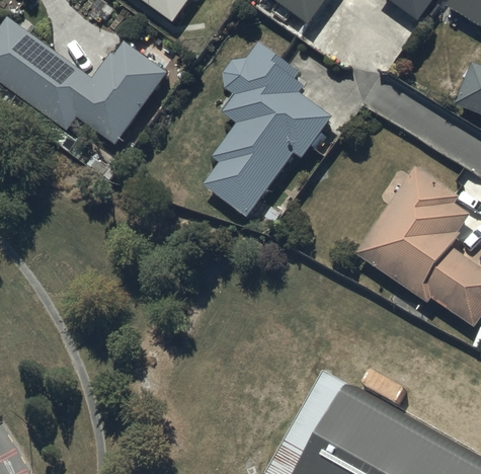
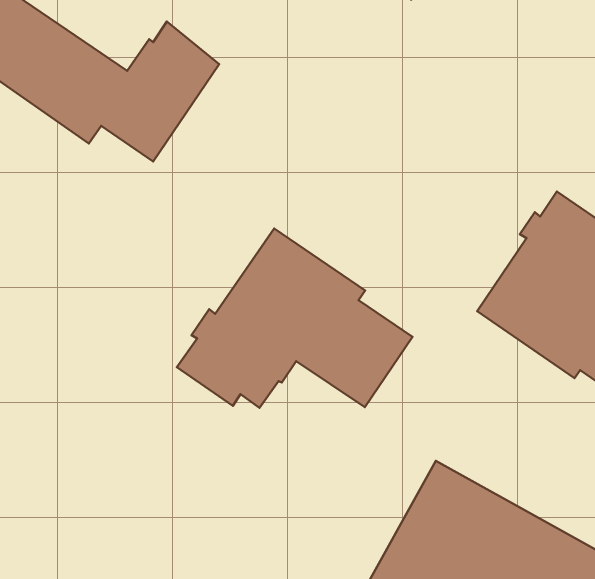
building: [202,43,333,218] -> none
building: none -> [177,229,412,408]

